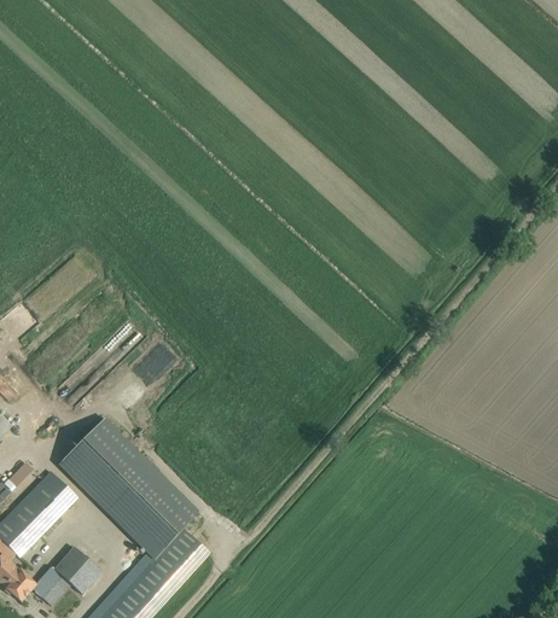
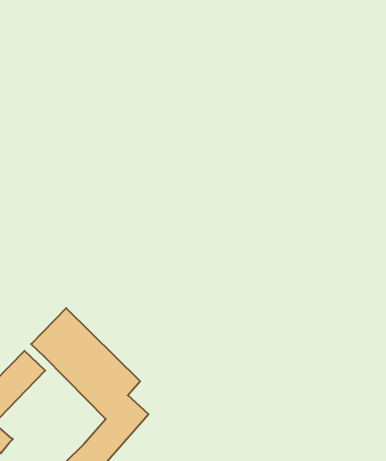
building: [30,546,100,597] -> none

